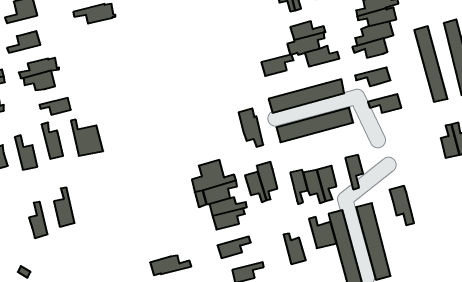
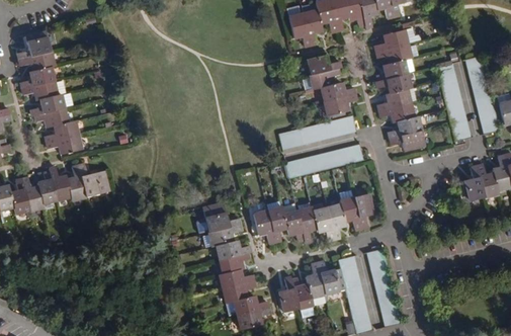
building: [73,4,115,24] -> [13,81,57,101]
building: none -> [11,51,46,71]
building: none -> [367,89,408,112]
building: [261,54,294,76] -> [322,95,355,117]
building: none -> [380,116,413,140]
building: none -> [42,121,74,143]
building: [239,108,263,147] -> [284,204,310,244]
building: none -> [36,167,56,202]
building: [389,186,414,225] -> [342,191,367,232]
building: [54,188,75,227] -> [64,159,85,199]
building: [29,202,48,238] -> [8,176,27,214]
building: none -> [311,260,331,303]
building: none -> [224,266,260,287]
building: none -> [284,274,304,311]
building: [150,256,191,275] -> [232,293,274,314]

